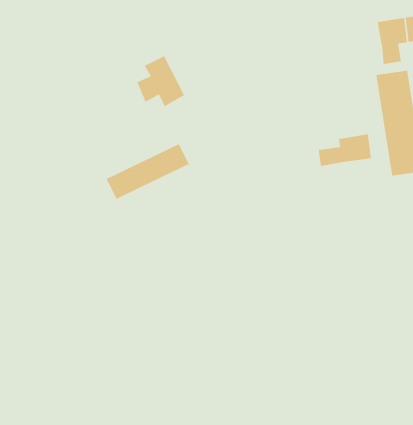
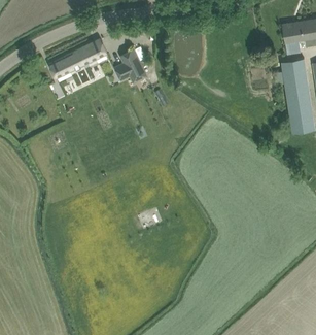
building: [318,133,372,167] -> none
building: [106,144,189,199] -> [48,39,107,78]

